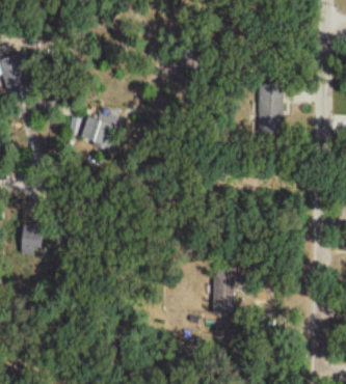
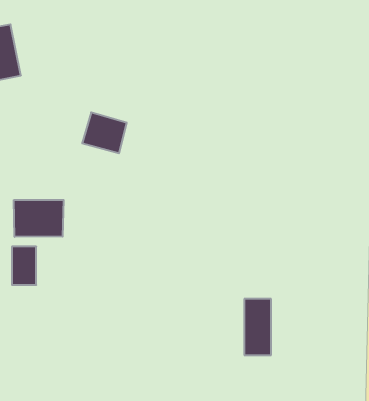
building: [258,83,284,133] -> none
building: none -> [14,200,64,237]

